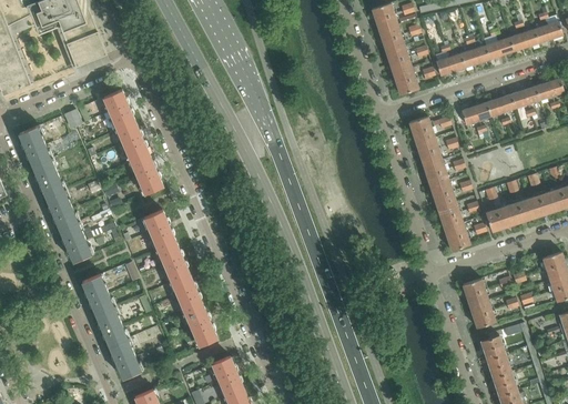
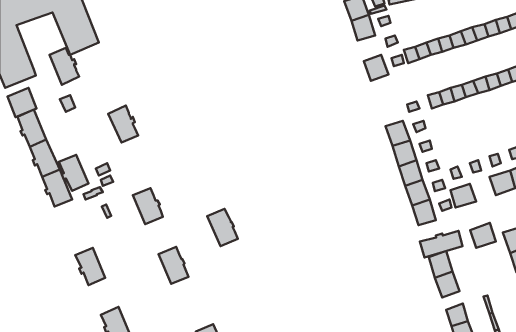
building: [385,47,410,74] -> none
building: [103,91,135,131] -> [49,48,79,85]
building: none -> [8,88,36,117]
building: [408,117,434,144] -> none
building: [131,154,162,194] -> none
building: [506,199,534,225] -> [470,223,496,248]
building: [59,223,91,262] -> [59,155,89,191]
building: [156,242,190,282] -> [207,209,238,246]
building: none -> [420,231,463,257]
building: [184,306,216,346] -> none
building: [95,307,128,347] -> none

